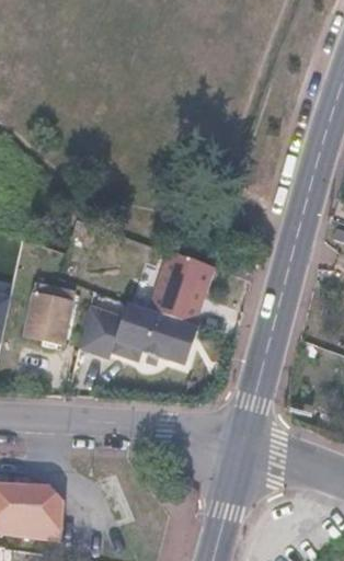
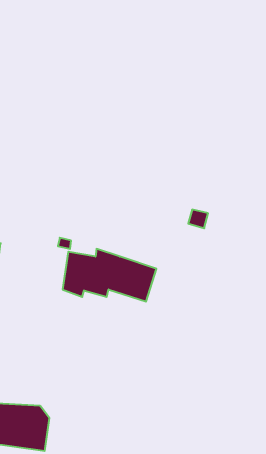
building: [147,251,210,327] -> none
building: [27,295,70,342] -> none

